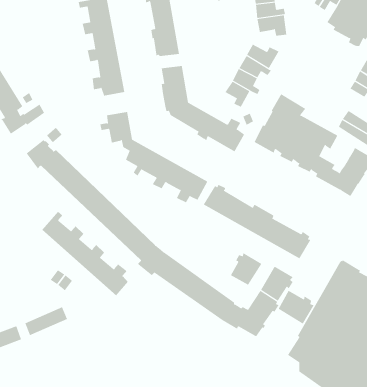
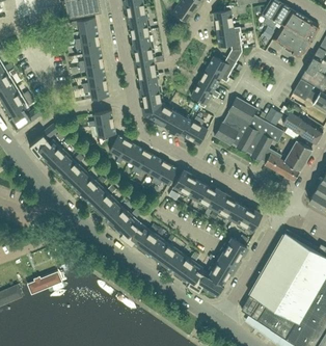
building: [42,211,129,296] -> none
building: [230,252,262,286] -> none
building: [278,290,315,324] -> none

